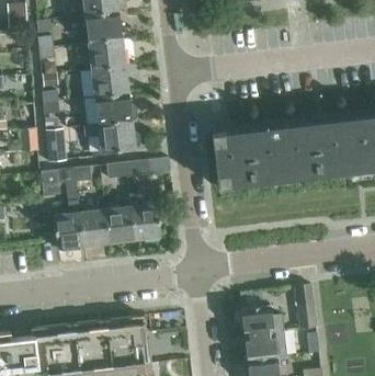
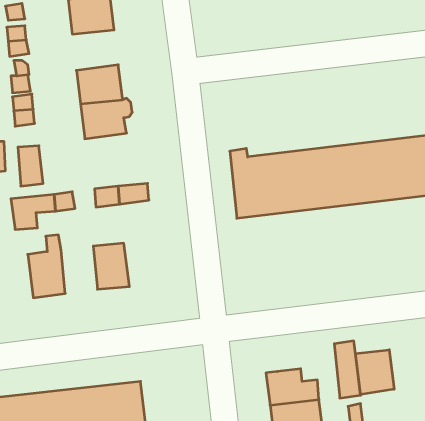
building: [75,38,125,70] -> none
building: [83,119,140,151] -> none
building: [128,193,160,240] -> none
building: [80,208,109,246] -> none
building: none -> [355,350,394,395]

